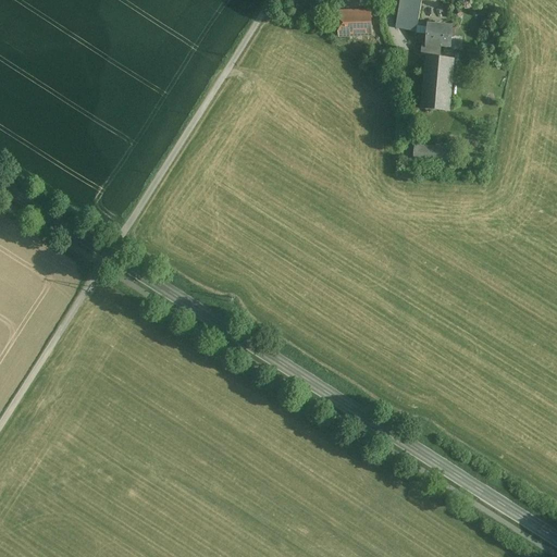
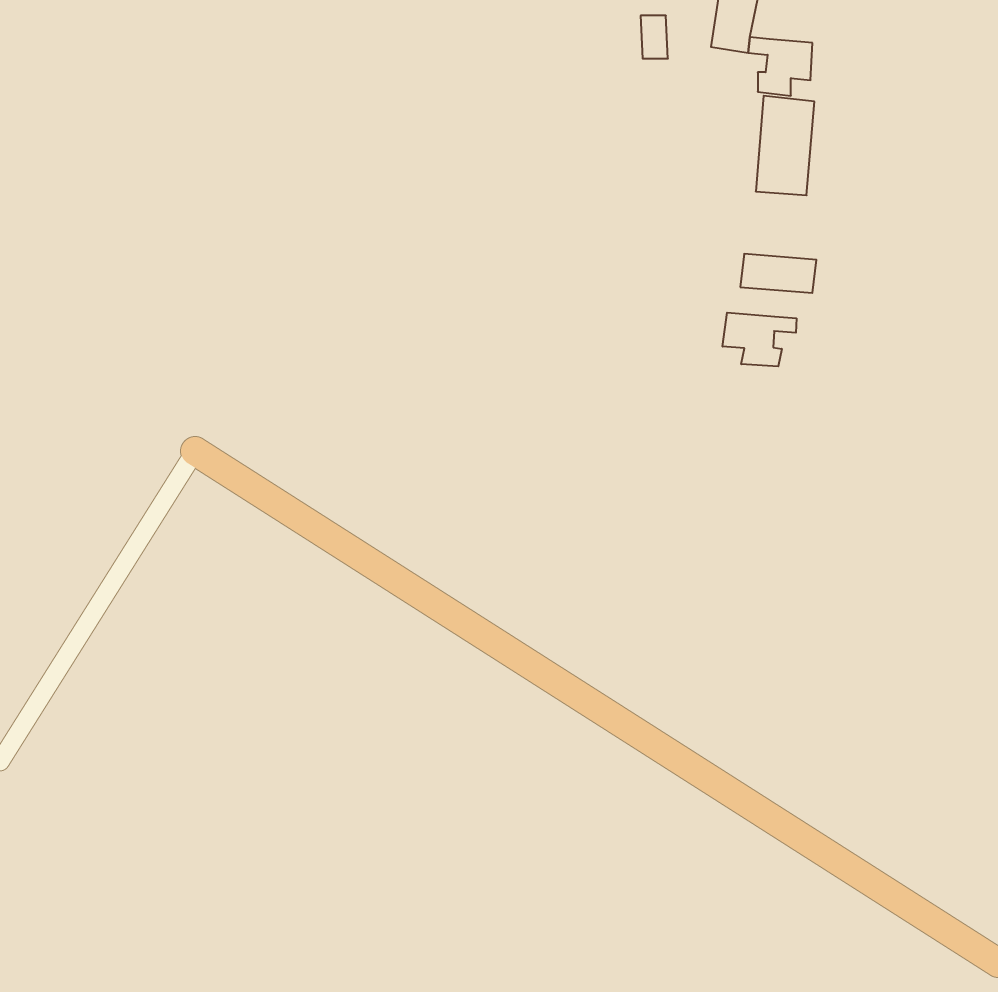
building: [338,9,358,34] -> none
building: none -> [723,313,796,366]

